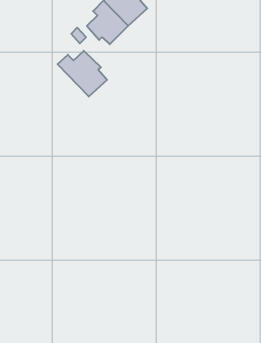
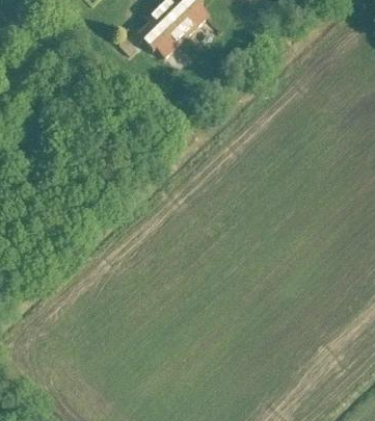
building: [58,51,107,97] -> none

